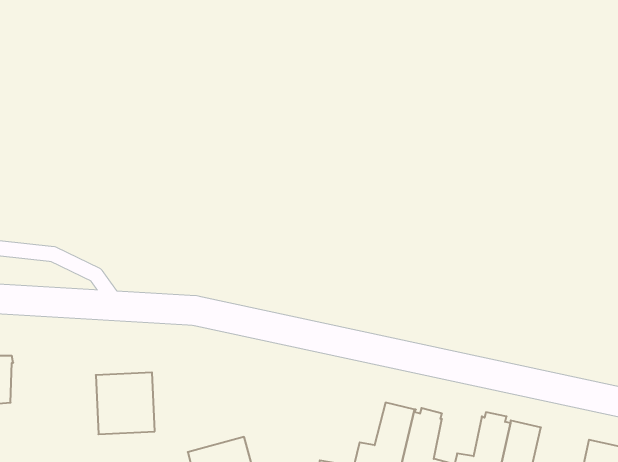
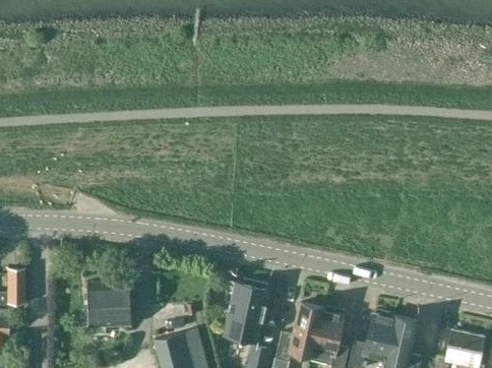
building: none -> [224,279,268,342]

